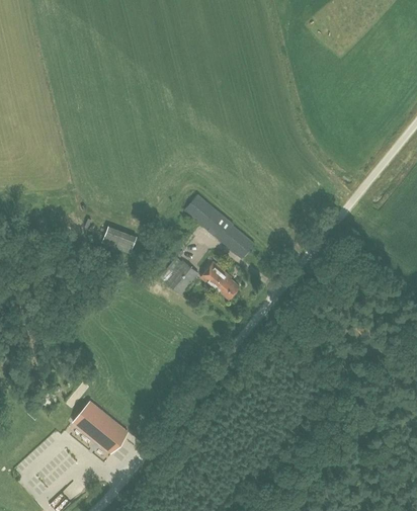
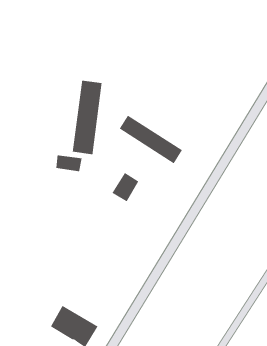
building: none -> [72,80,102,155]
building: [200,262,239,299] -> none

